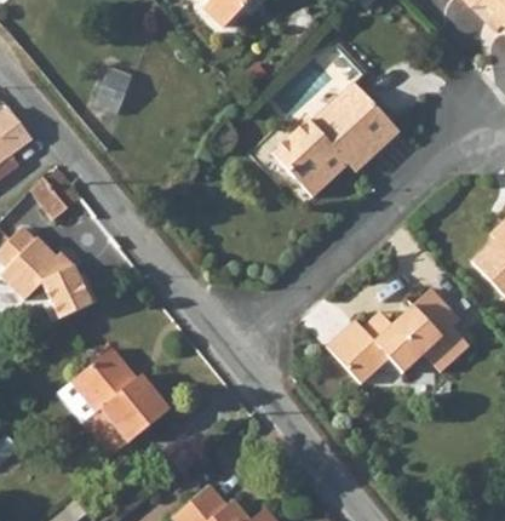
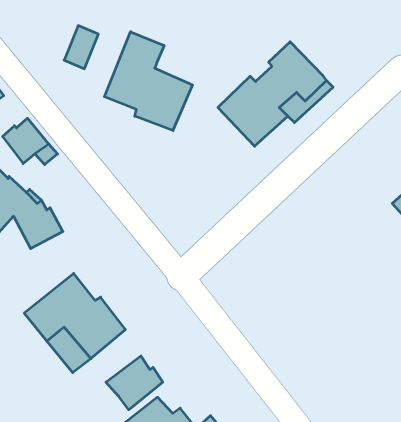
building: none -> [104,32,192,131]
building: [321,292,465,389] -> none
building: none -> [106,356,163,410]

